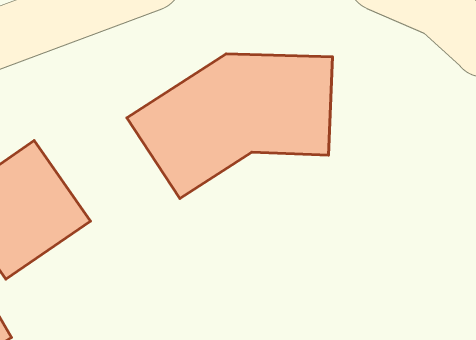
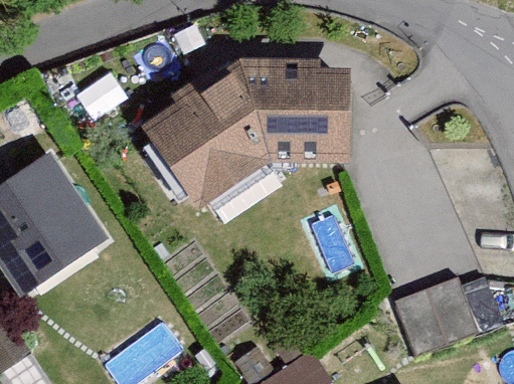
building: none -> [391,276,471,352]

